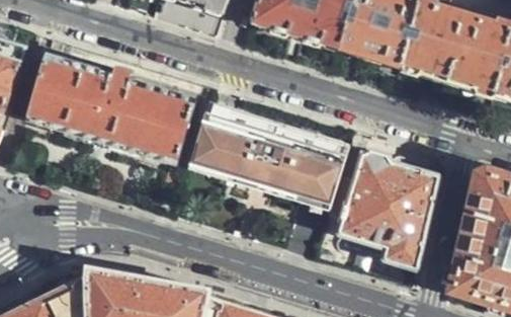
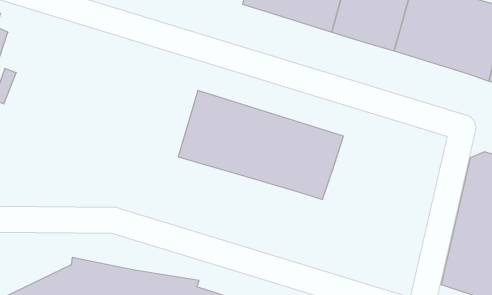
building: [27,53,195,165] -> none
building: [331,153,439,271] -> none

